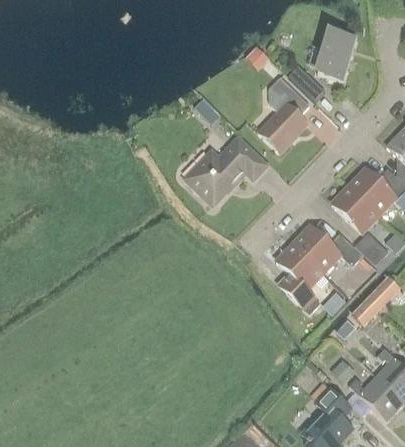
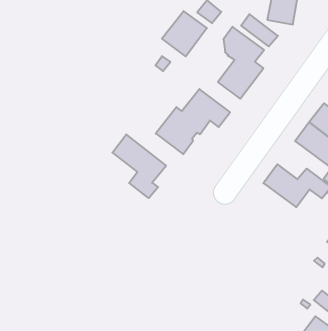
building: none -> [162,11,207,56]
building: none -> [112,134,166,198]
building: [276,242,324,313] -> none

